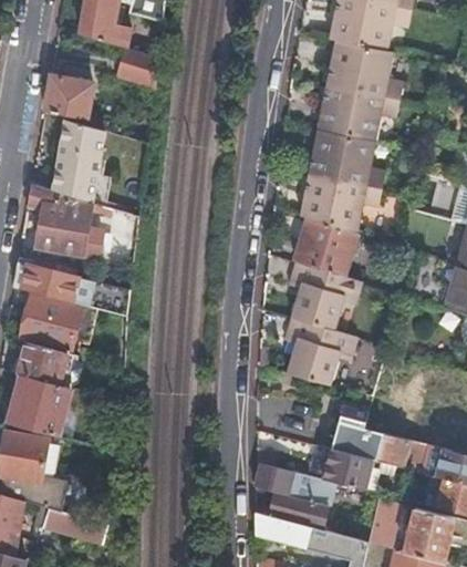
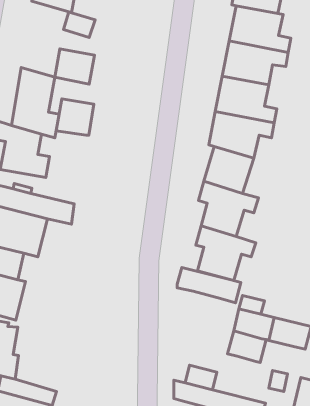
building: [43,76,93,121] -> [55,49,94,84]
building: none -> [56,99,94,135]
building: [256,463,335,507] -> [177,268,241,303]

